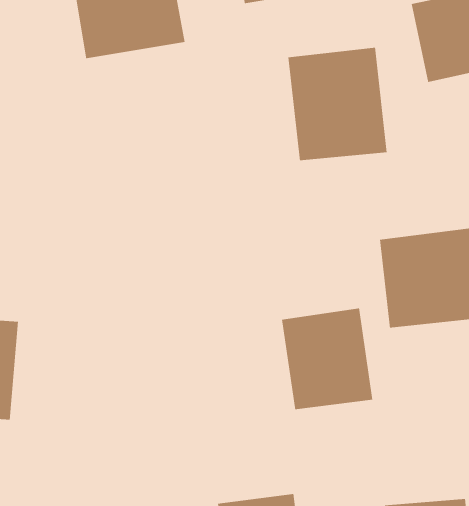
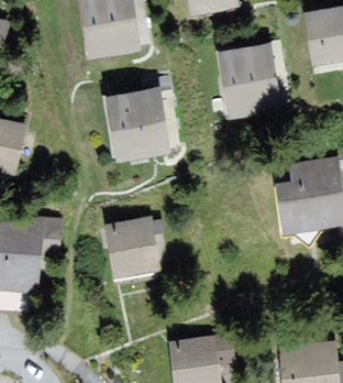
building: none -> [98,89,173,161]
building: [281,308,373,410] -> [104,215,165,282]

